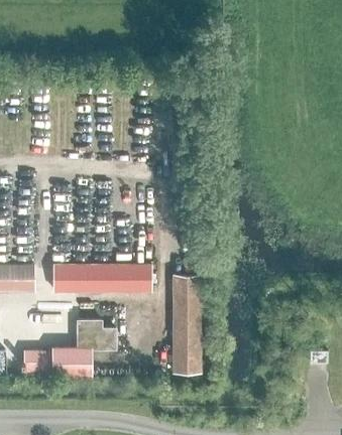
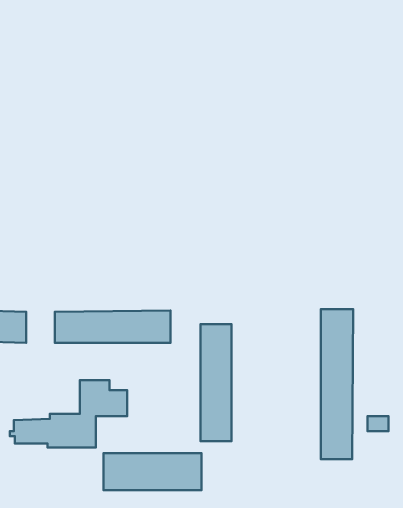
building: none -> [321,309,353,459]
building: none -> [103,453,202,490]

